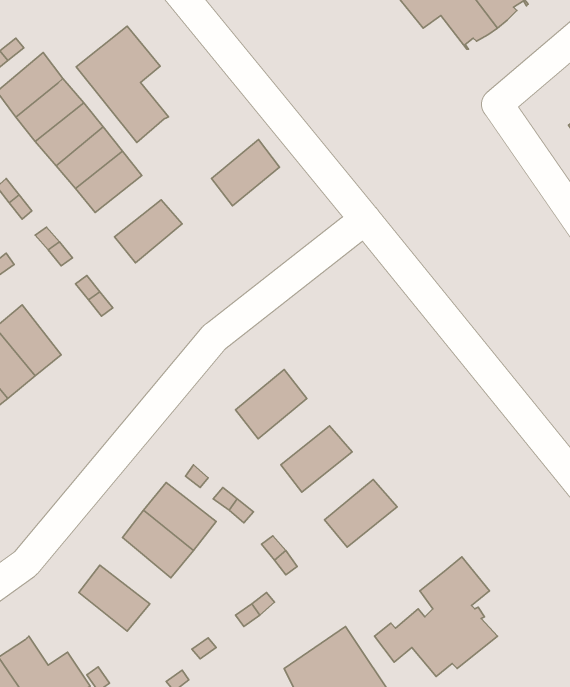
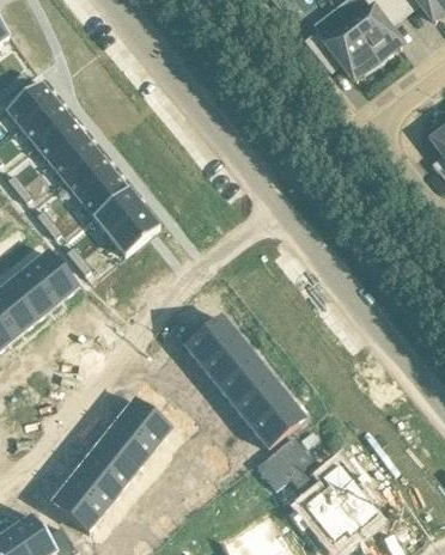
building: [76,26,169,143] -> none
building: [212,140,279,206] -> [110,208,160,257]
building: none -> [80,172,129,218]
building: none -> [26,251,77,305]
building: none -> [201,337,254,386]
building: none -> [233,377,286,427]
building: none -> [256,435,312,489]
building: none -> [84,440,136,489]
building: none -> [50,481,104,531]

